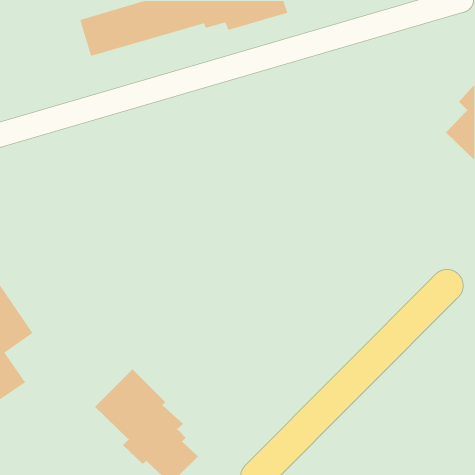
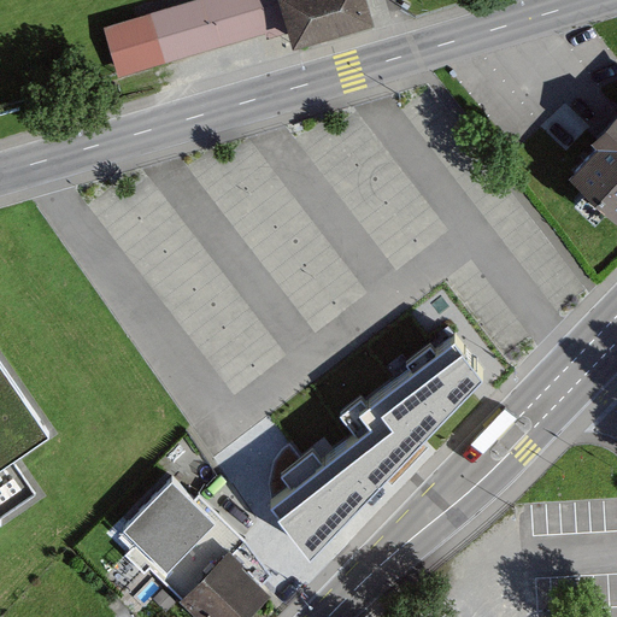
building: none -> [270,336,482,552]

